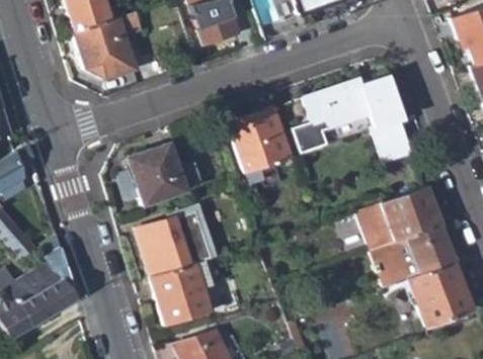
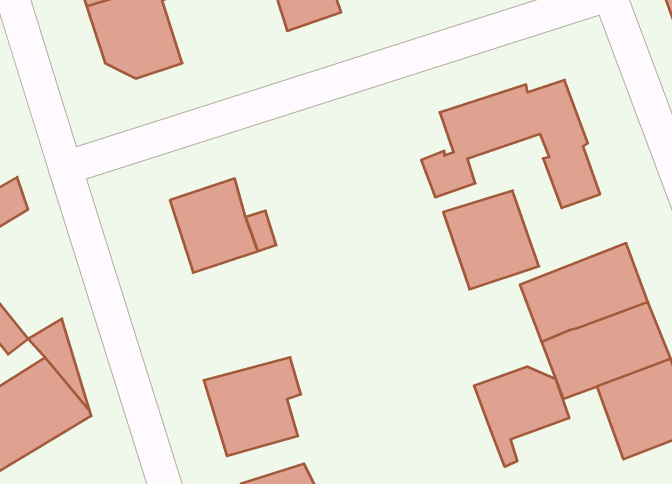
building: [231,109,294,174] -> [443,191,539,289]
building: [137,210,208,275] -> none
building: none -> [474,367,569,467]

